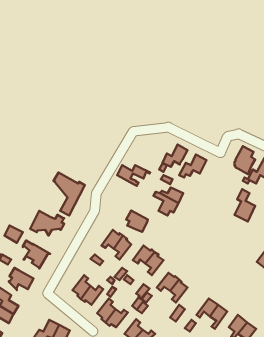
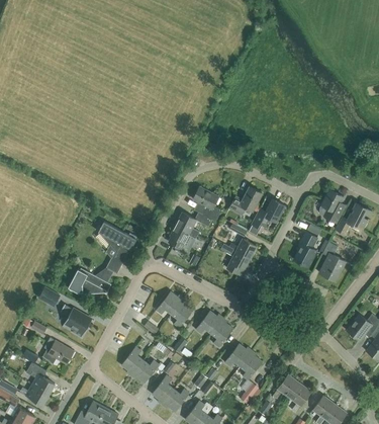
building: none -> [193,187,221,222]
building: none -> [293,233,315,267]
building: [126,210,148,232] -> [170,225,196,251]

